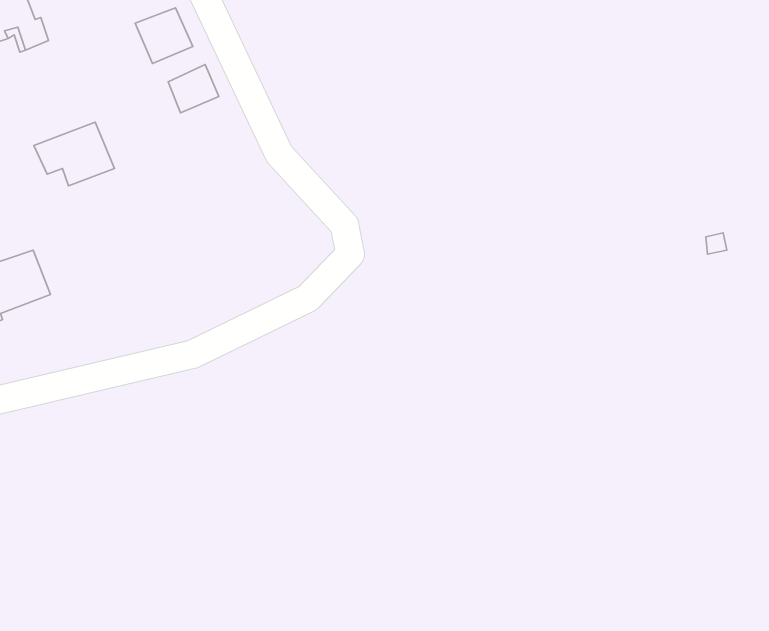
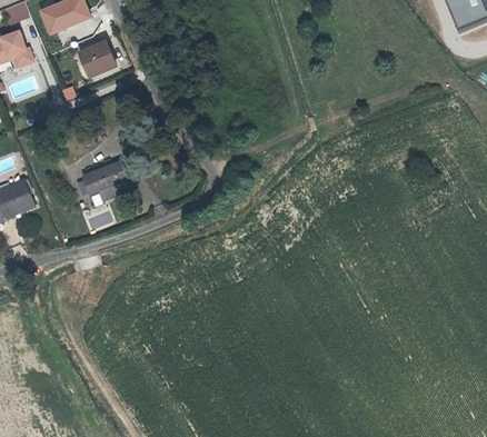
building: [168,64,219,113] -> none
building: [34,122,114,186] -> [82,161,129,198]

